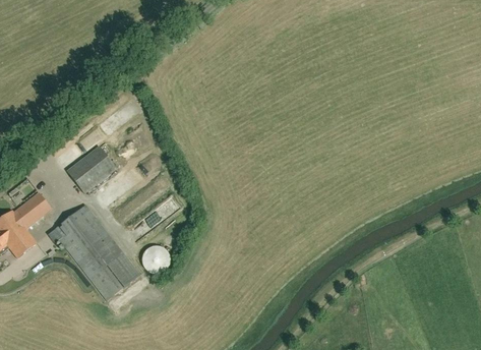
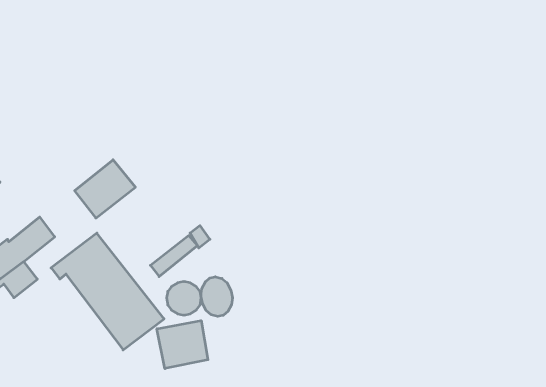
building: none -> [201,277,232,316]
building: none -> [157,321,208,369]

